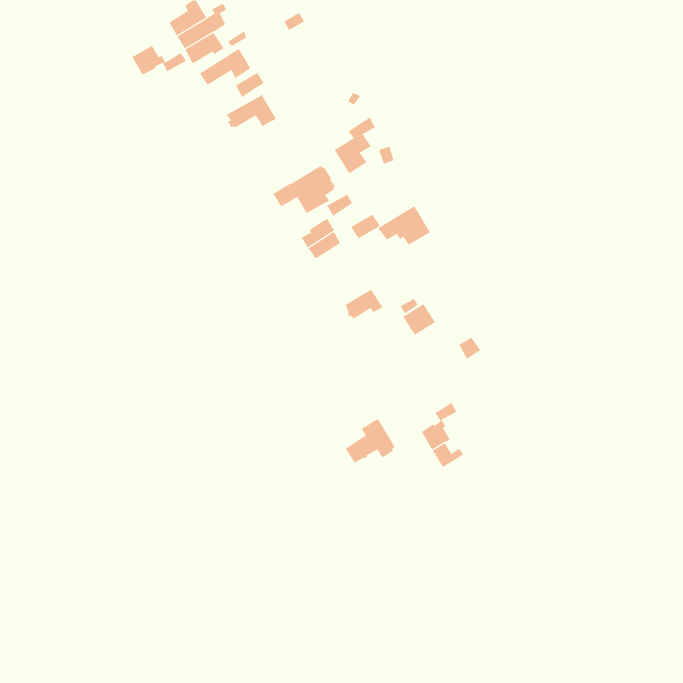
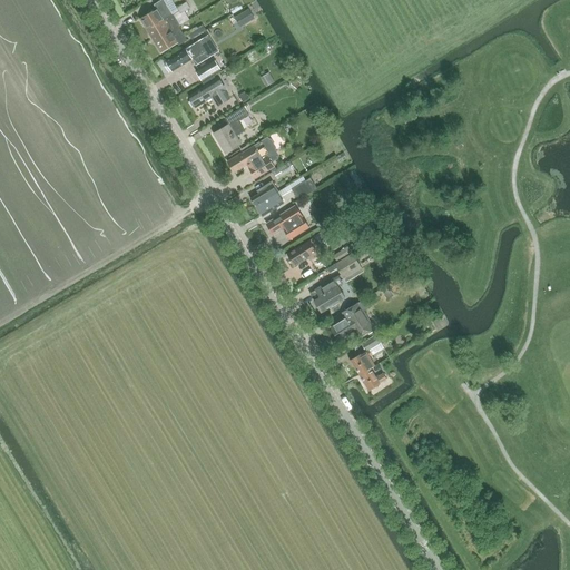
building: [131,45,186,75] -> none
building: [334,117,375,174] -> [214,106,248,154]
building: [377,205,431,245] -> [266,205,311,238]
building: none -> [311,276,345,312]
building: [345,418,396,464] -> [331,303,373,341]

